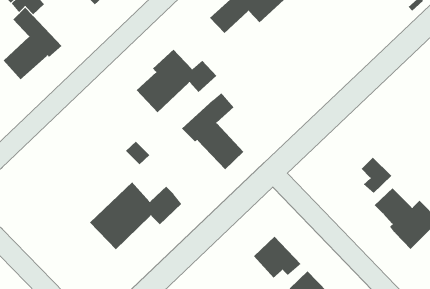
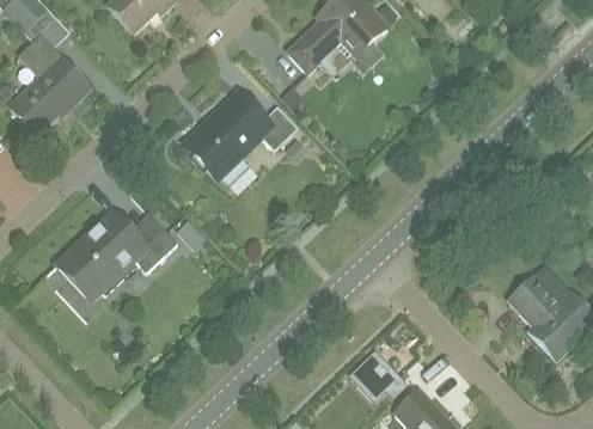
building: [181,92,244,170] -> none
building: [361,157,392,194] -> none
building: [89,181,182,250] -> [53,212,177,304]

